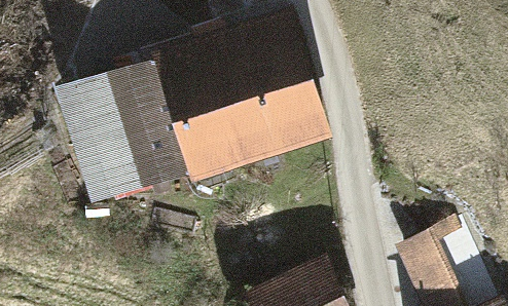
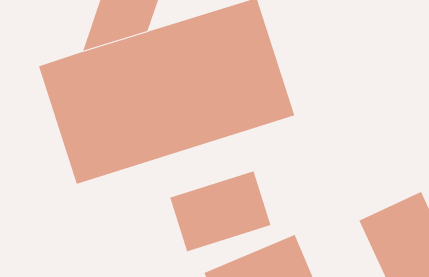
building: none -> [169,171,271,252]

